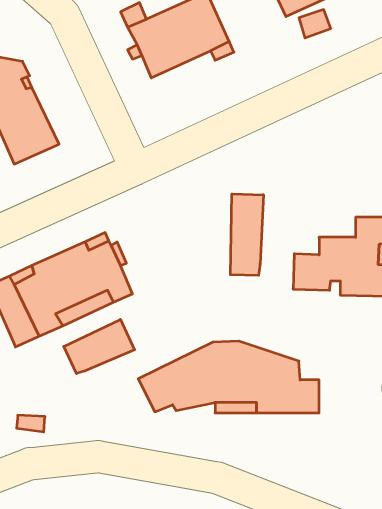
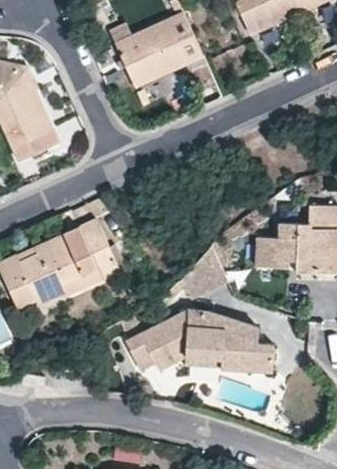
building: [230,194,263,275] -> none
building: [64,319,135,374] -> none

